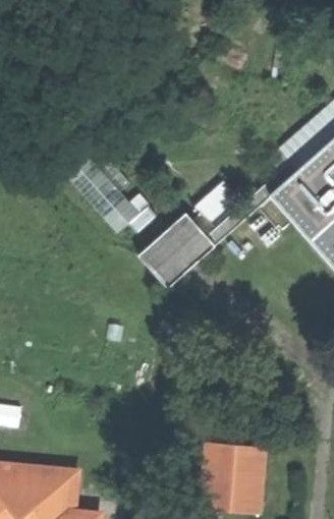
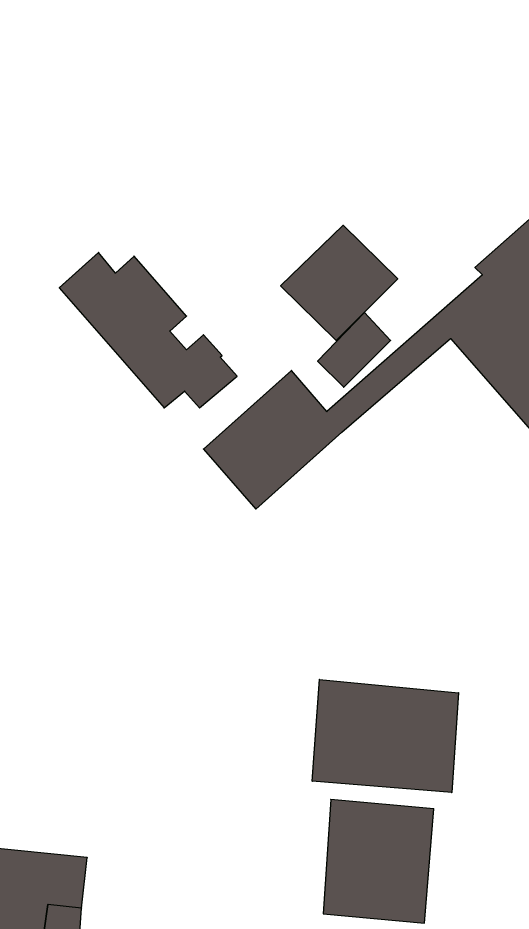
building: none -> [281,225,398,340]
building: none -> [312,679,459,793]

